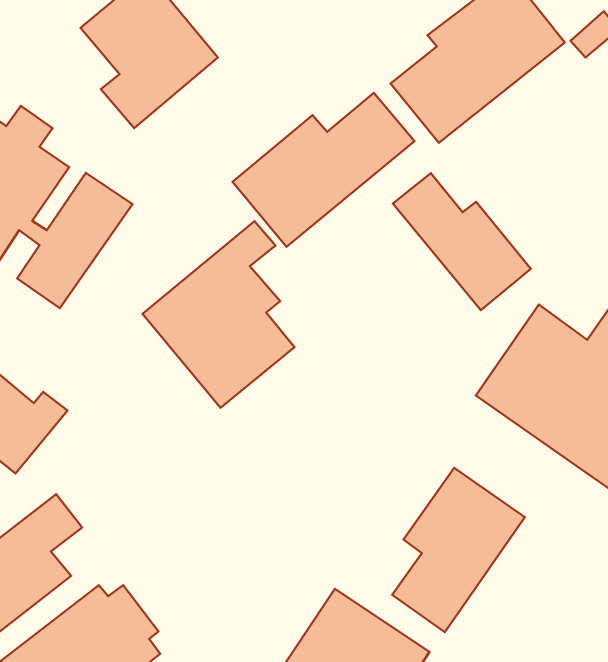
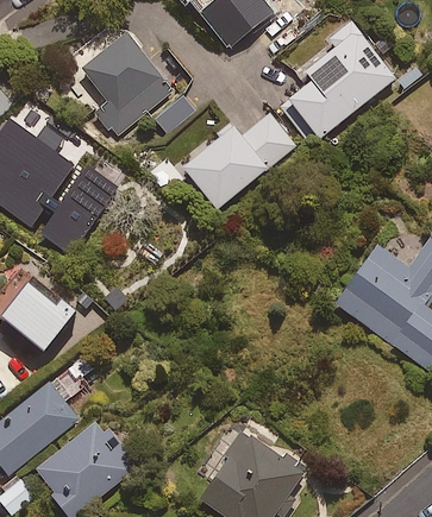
building: [393,173,531,310] -> none
building: [142,221,295,408] -> none
building: [392,468,525,632] -> none

